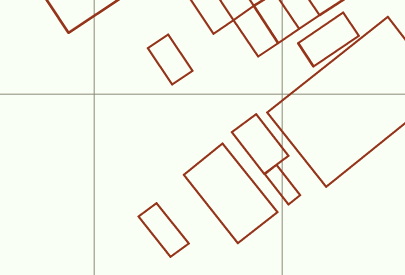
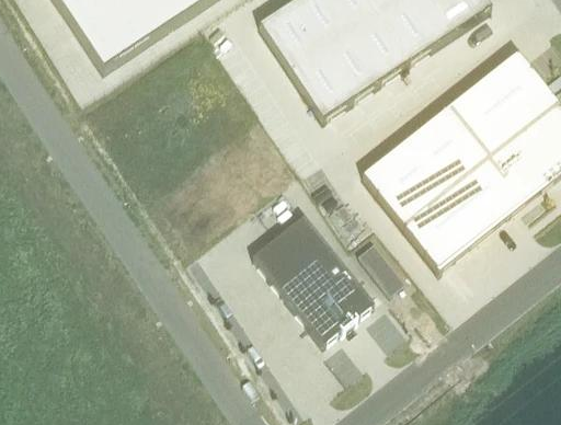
building: [298,13,359,67] -> none
building: [148,35,193,84] -> [291,51,350,116]
building: [232,114,289,174] -> none
building: [138,203,189,257] -> none

